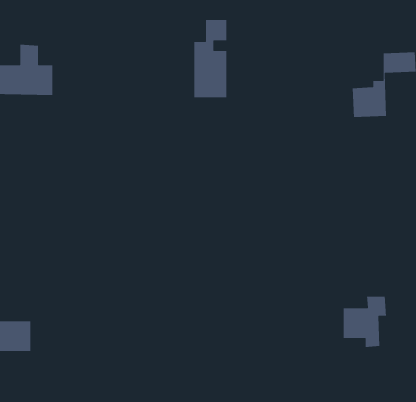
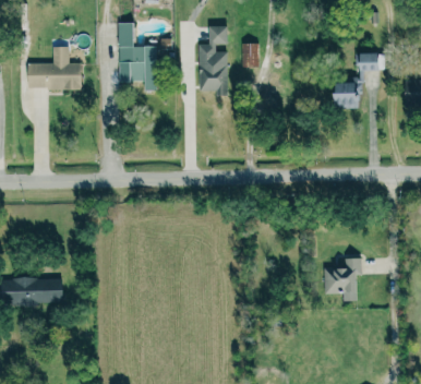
building: none -> [119,22,157,89]
building: none -> [241,43,260,67]

